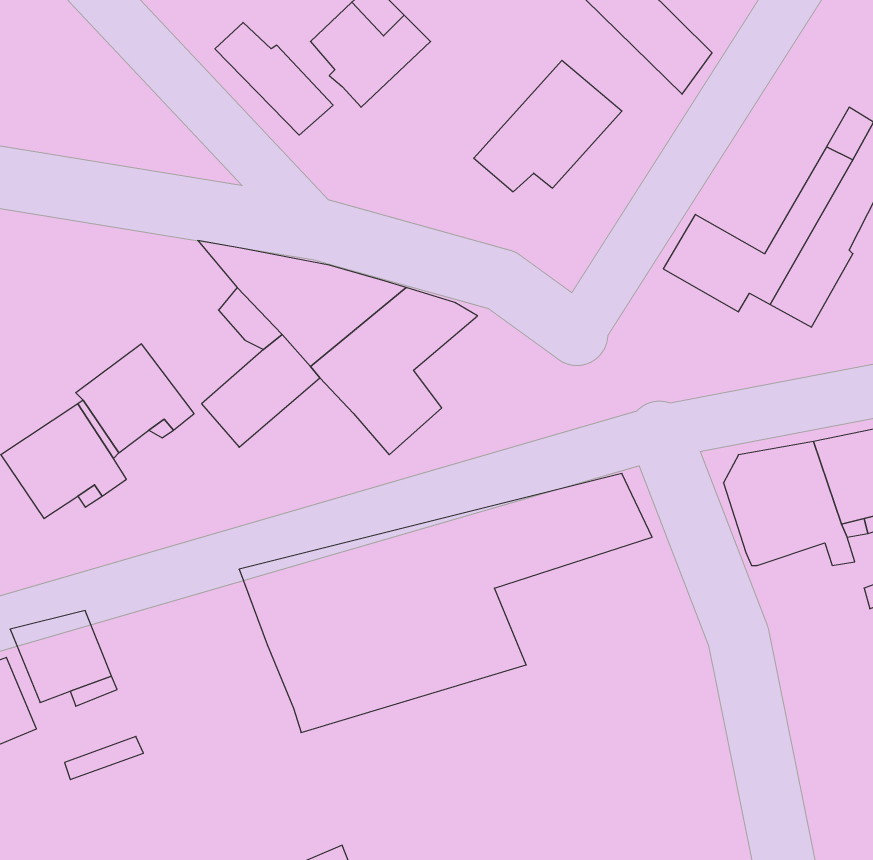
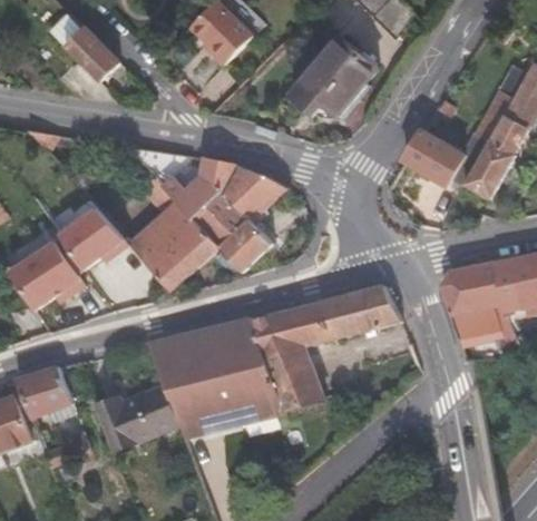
building: [215,22,333,135] -> [47,17,117,83]
building: none -> [152,226,219,289]
building: none -> [95,384,184,449]

